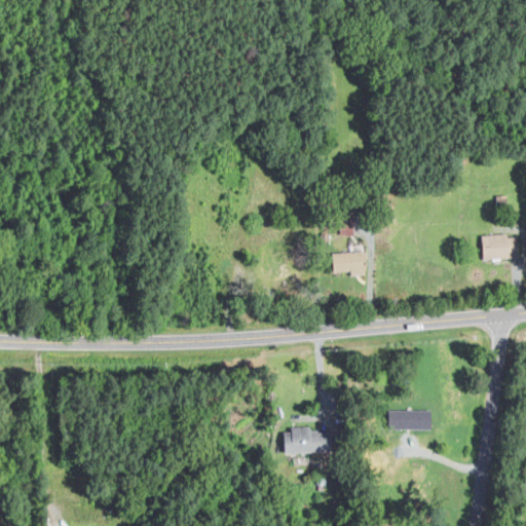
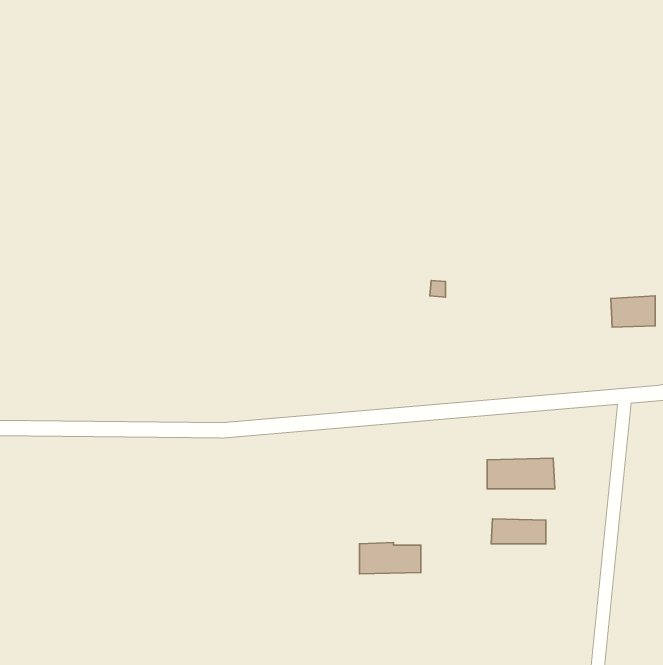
building: [332,252,366,275] -> none
building: none -> [487,458,555,489]

